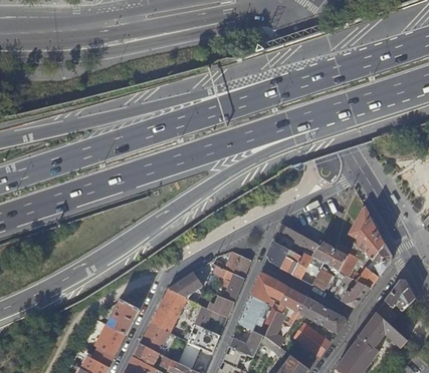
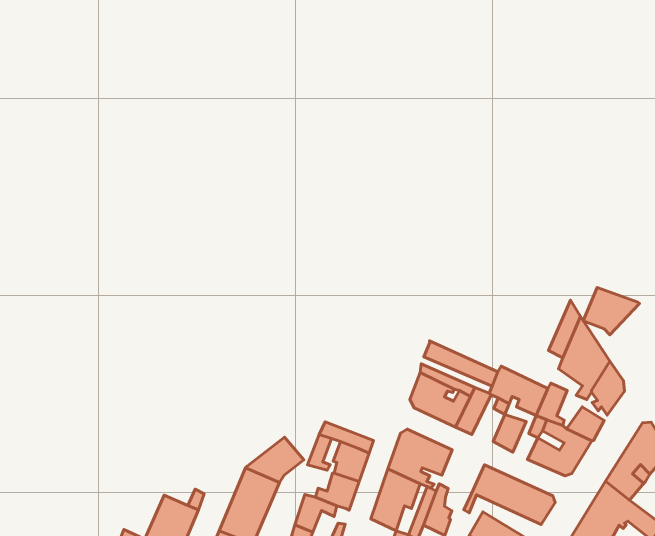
building: none -> [583,288,640,335]
building: [212,252,250,278] -> none
building: [280,287,306,315] -> none

